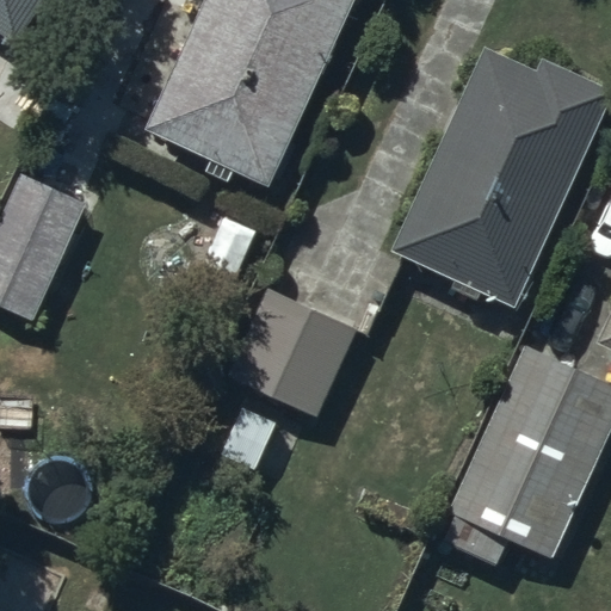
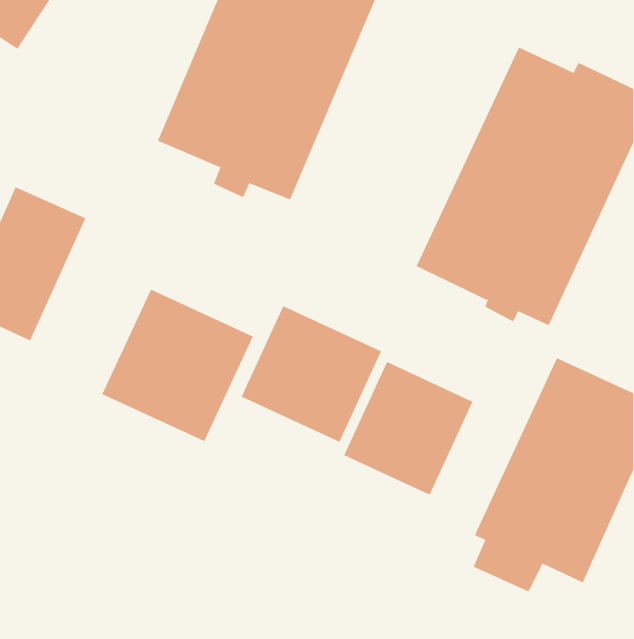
building: none -> [102,289,254,442]
building: none -> [343,361,473,496]

